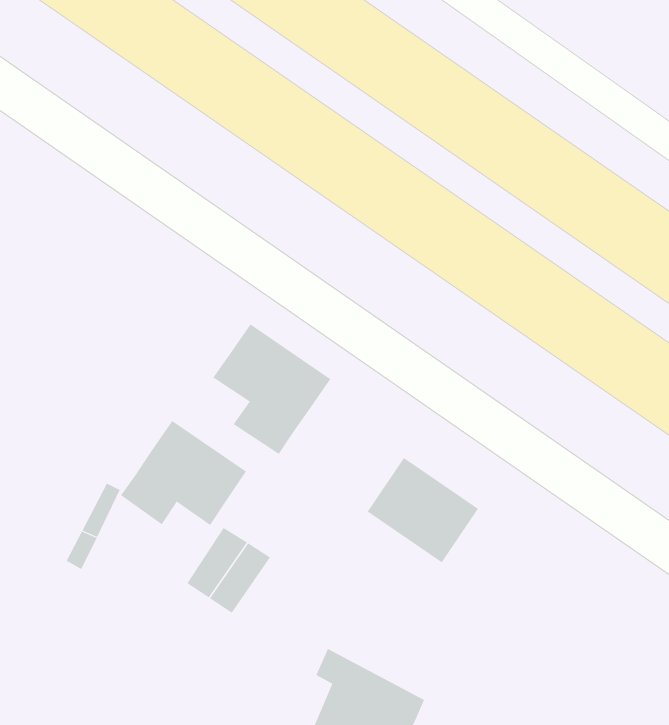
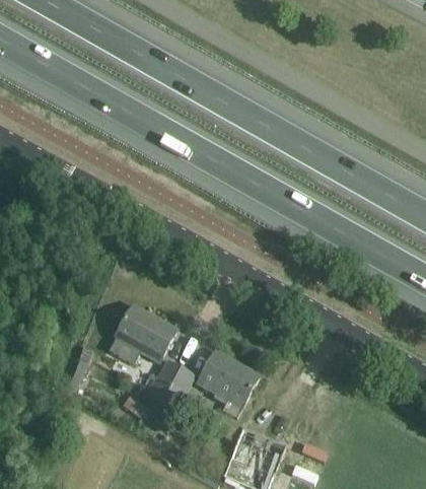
building: [213,323,331,455] -> none
building: [367,457,479,563] -> [199,349,260,405]

